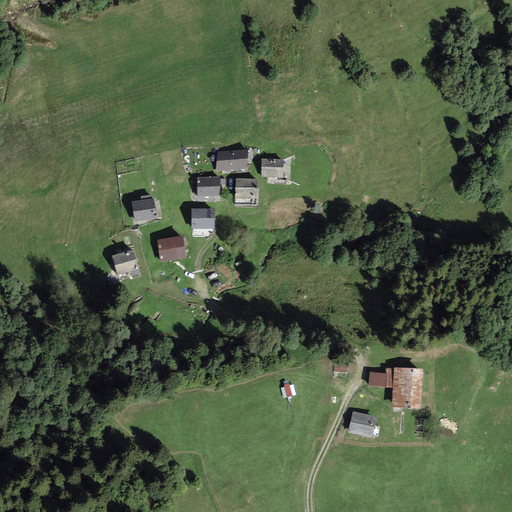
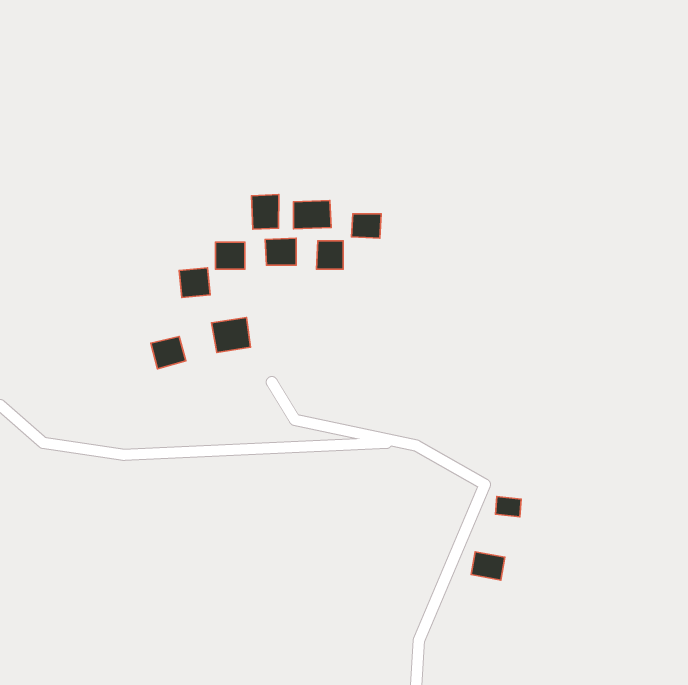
building: none -> [252,195,279,229]
building: [192,209,214,229] -> [215,242,245,269]
building: [391,364,423,406] -> none

